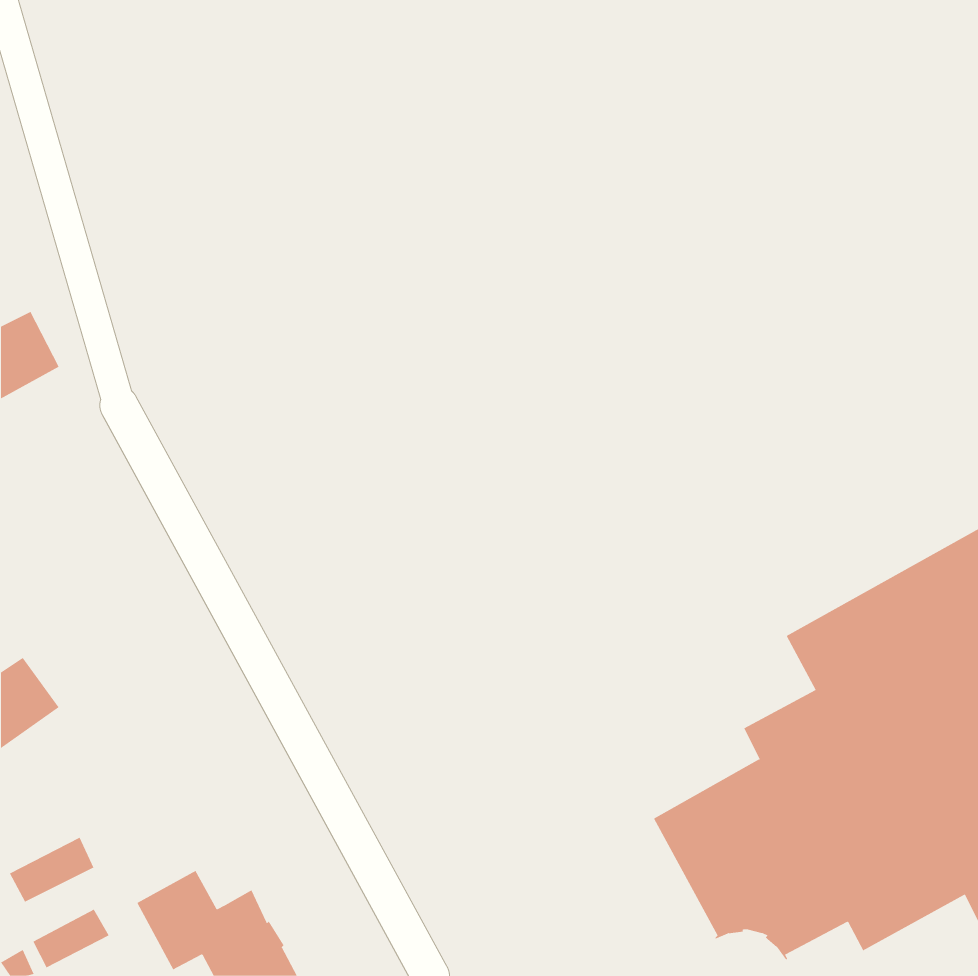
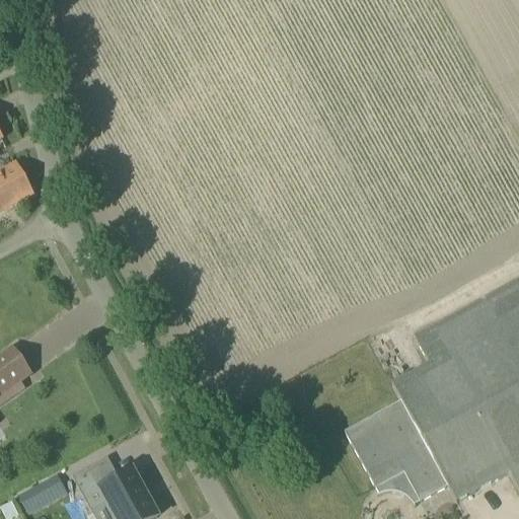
building: [9,837,94,903] -> none

